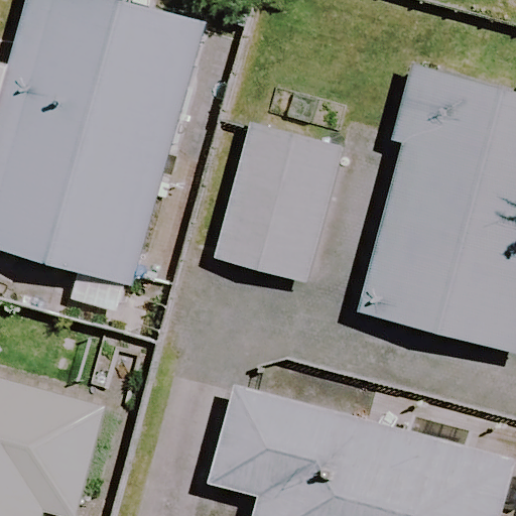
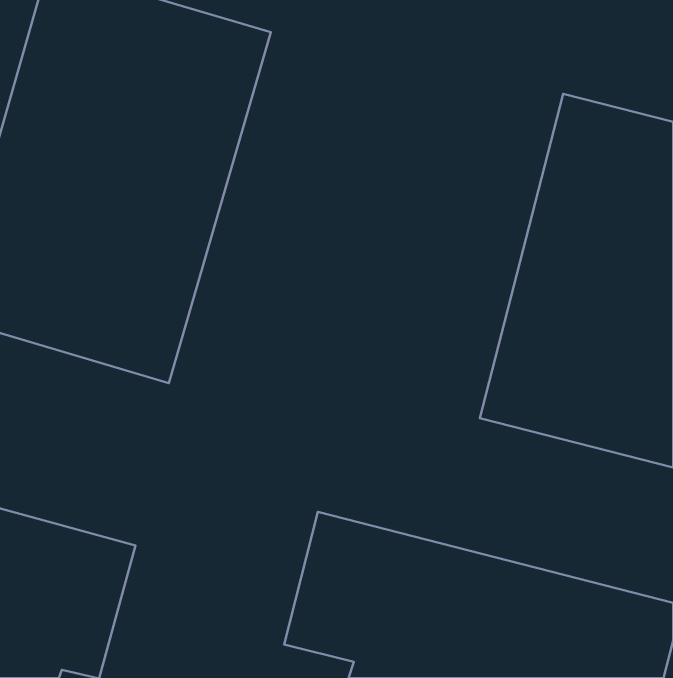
building: [218,126,339,283] -> none

